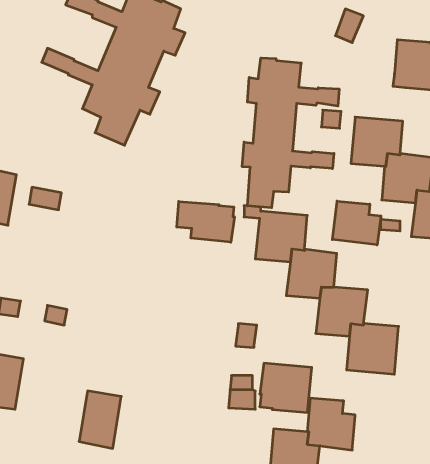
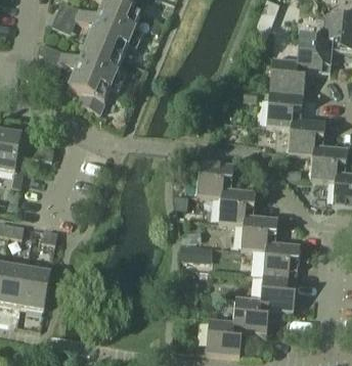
building: [242,58,339,208] -> none
building: none -> [268,57,305,94]
building: [332,201,381,245] -> none
building: [177,201,234,242] -> none
building: [260,363,312,412] -> [259,275,297,311]
building: [79,391,121,448] -> [20,267,51,309]

